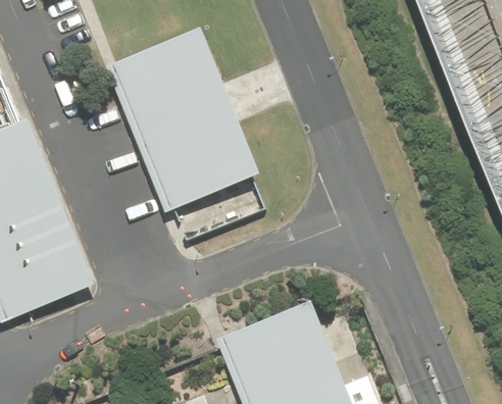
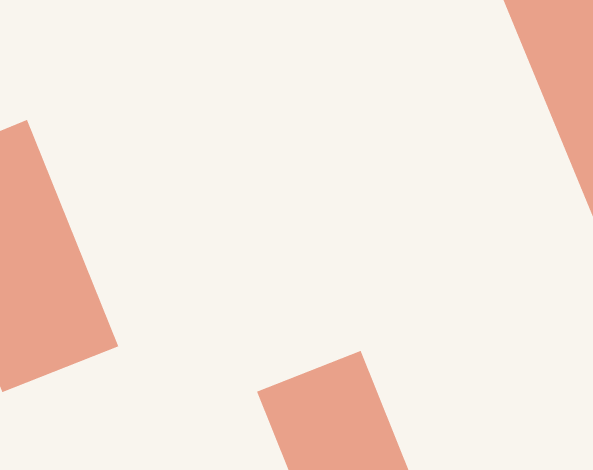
building: [109,28,257,218] -> none

